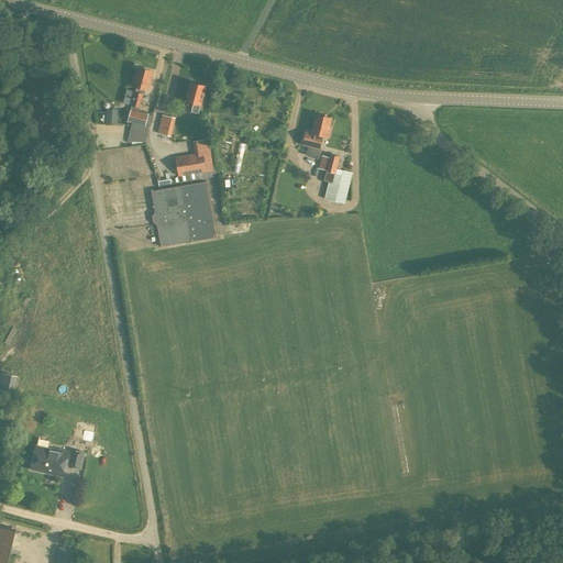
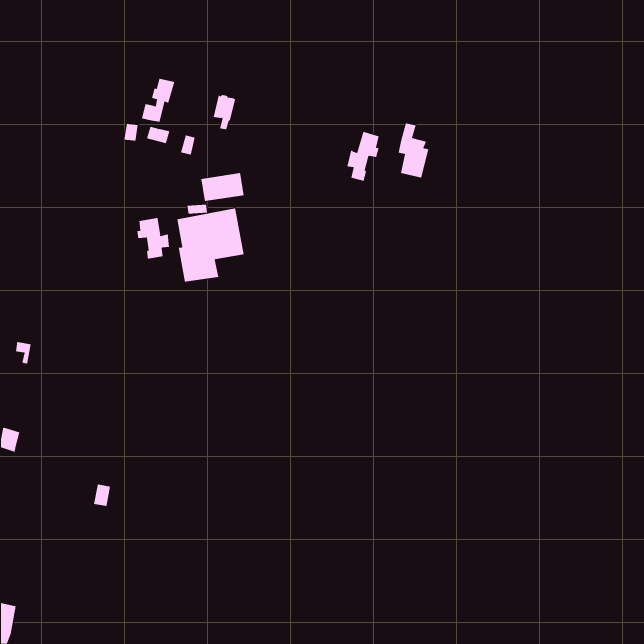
building: [323,155,351,203] -> [398,123,429,178]
building: none -> [137,217,169,259]
building: [31,446,84,476] -> none

